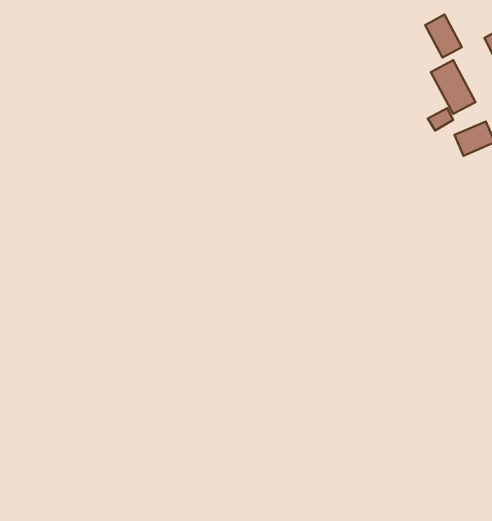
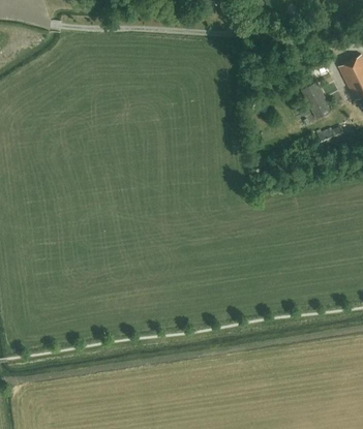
building: [425,15,462,58] -> none

